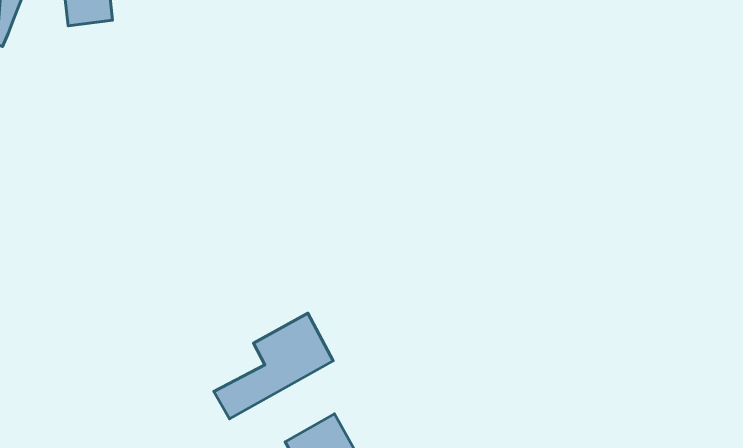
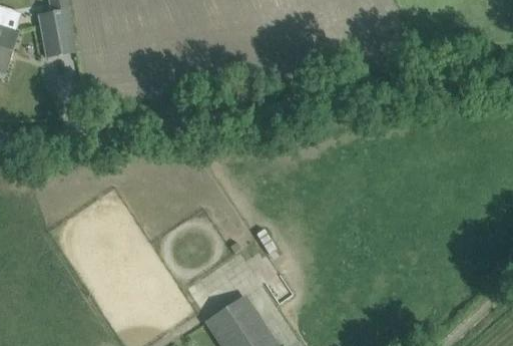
building: [214,313,333,419] -> none

